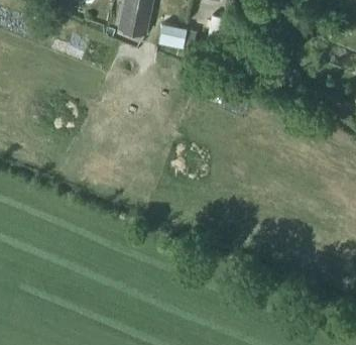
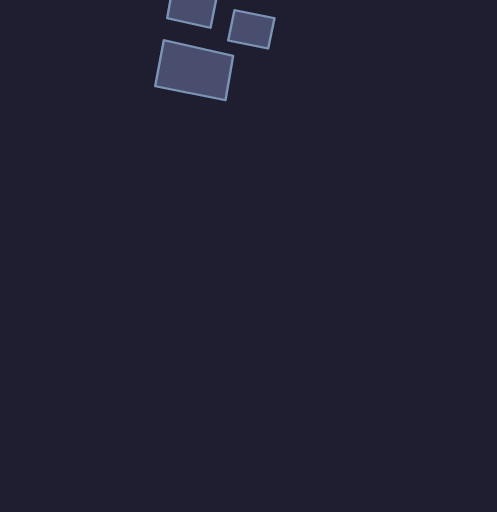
building: none -> [155,40,233,100]

